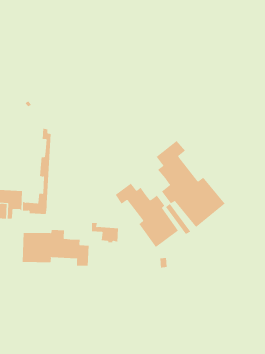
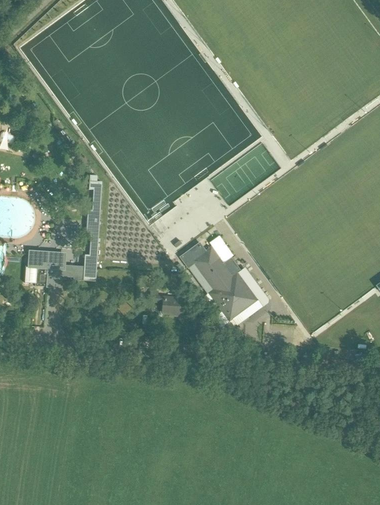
building: [156,140,226,228] -> none
building: [22,229,89,266] -> none

